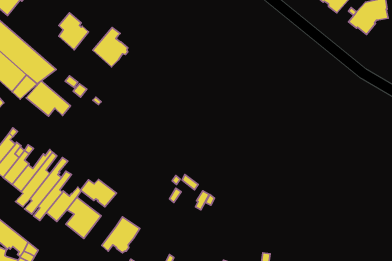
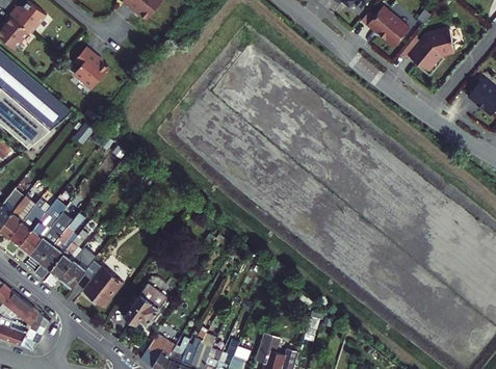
building: [93,28,128,67] -> none
building: [26,81,71,116] -> none
building: [80,180,116,207] -> none

